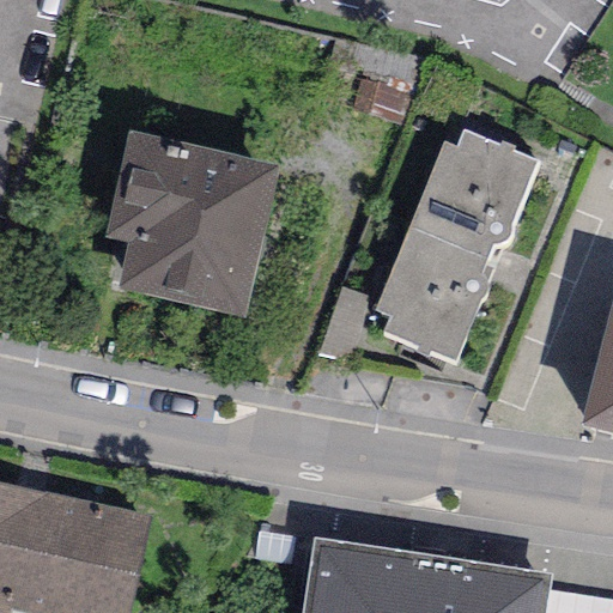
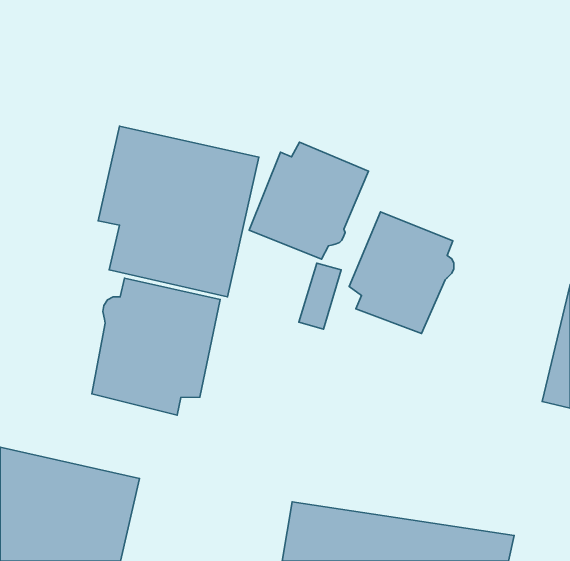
building: [408,133,536,259] -> [249,142,369,259]
building: none -> [92,278,220,415]

